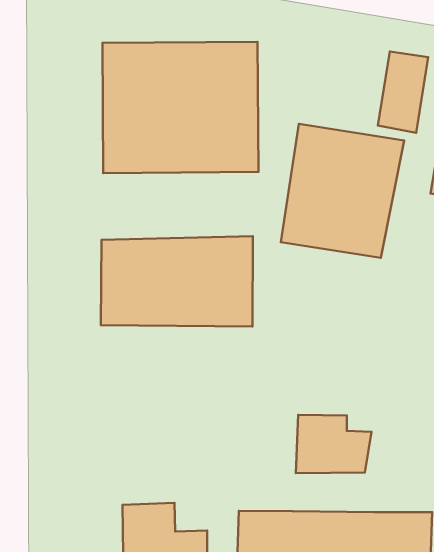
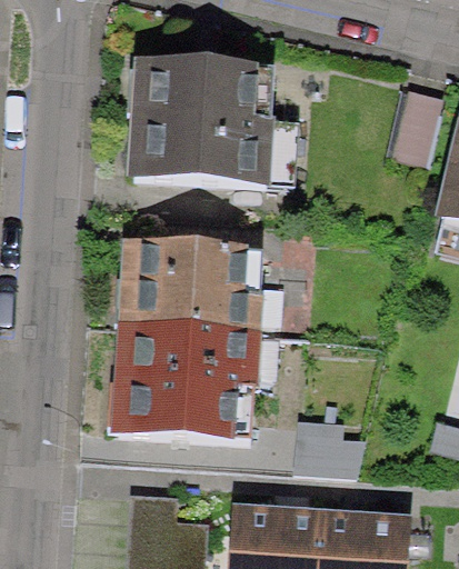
building: [281,124,404,258] -> none
building: none -> [109,320,259,442]

